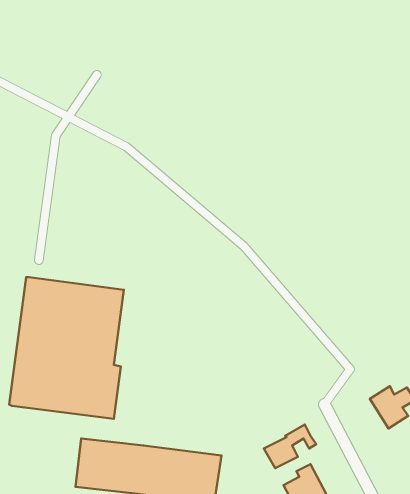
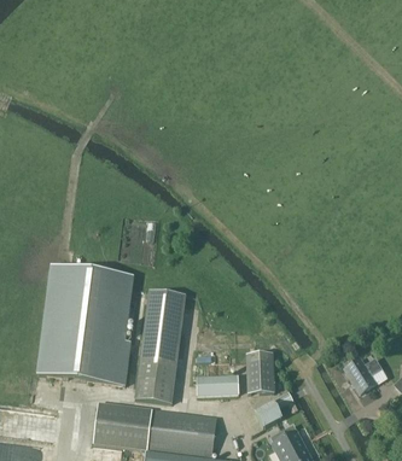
building: none -> [134,287,186,402]
building: none -> [246,352,274,391]
building: none -> [197,373,239,395]

